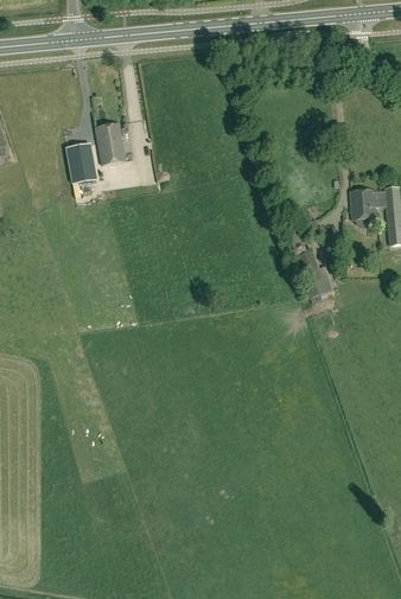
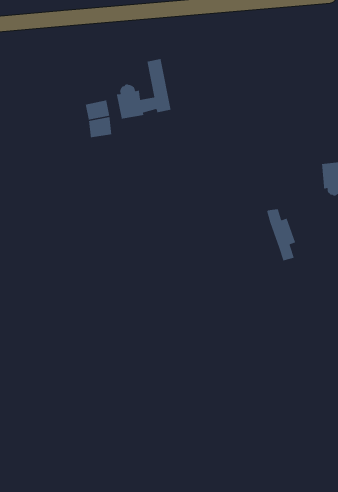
building: none -> [116,58,172,120]
building: [70,141,95,183] -> none

